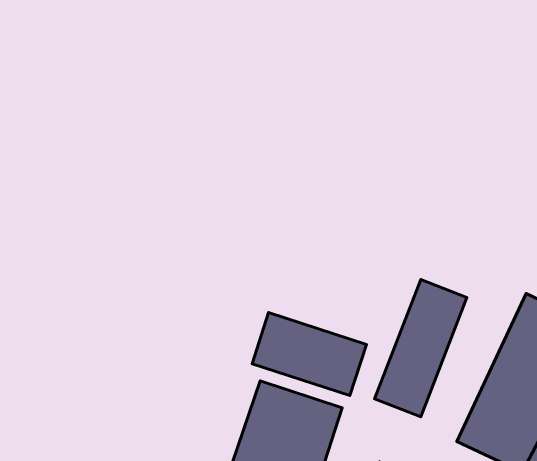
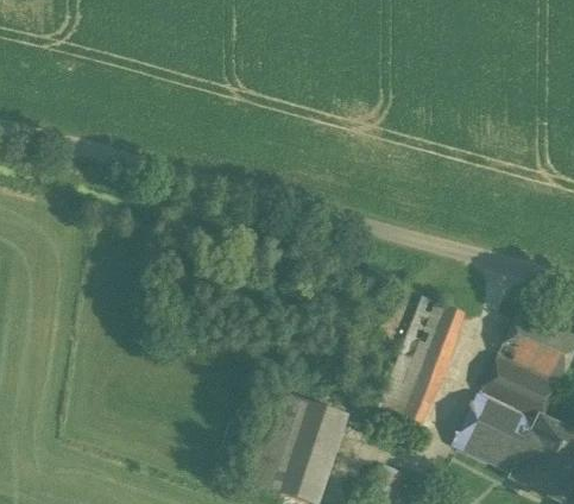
building: [252,313,366,396] -> none

